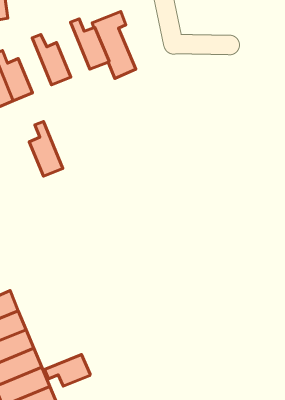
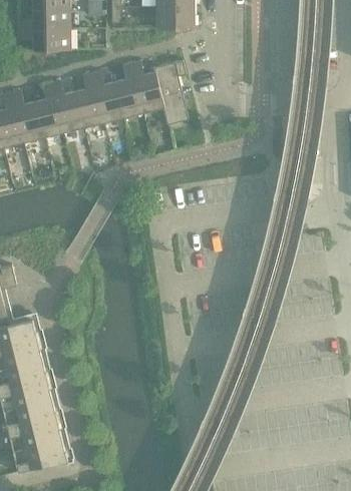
building: none -> [114,62,143,116]
building: [29,121,63,176] -> [74,72,103,126]
building: [44,354,90,386] -> none

